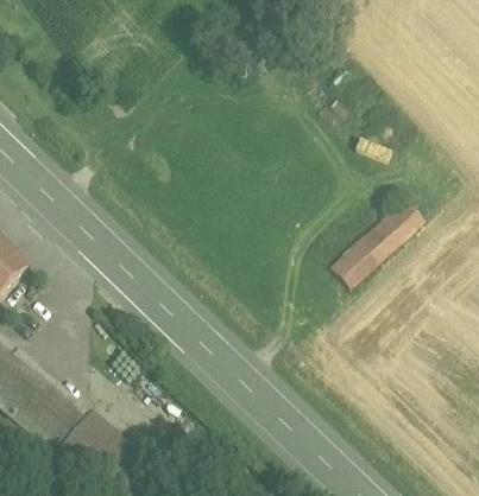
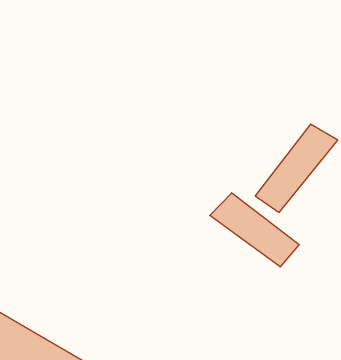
building: none -> [210,193,299,267]

